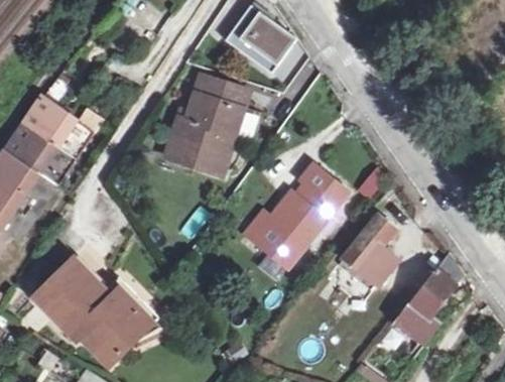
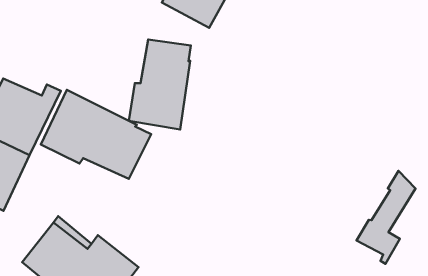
building: none -> [41,90,151,179]
building: [250,163,347,266] -> none
building: [341,218,395,286] -> none

